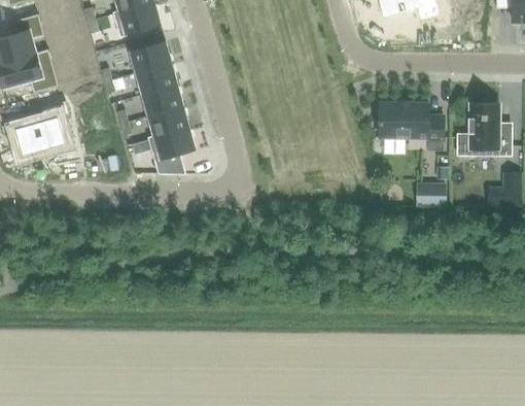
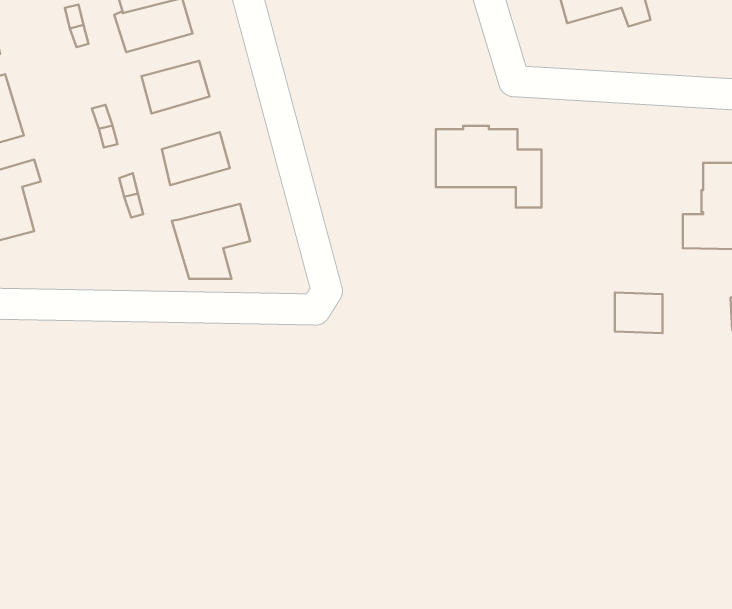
building: [136,63,177,95] -> none
building: [379,101,443,150] -> [436,126,541,207]
building: [147,106,189,137] -> none

